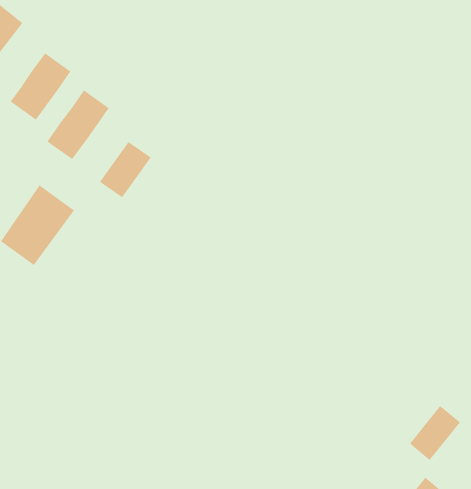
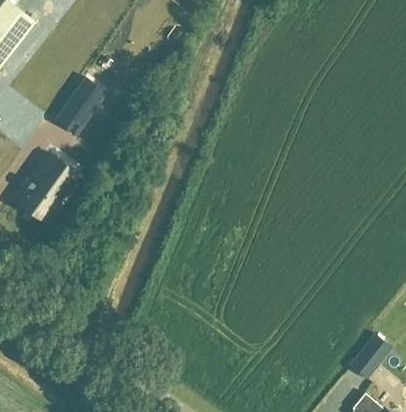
building: [10,53,71,120] -> none
building: [99,141,151,198] -> none

